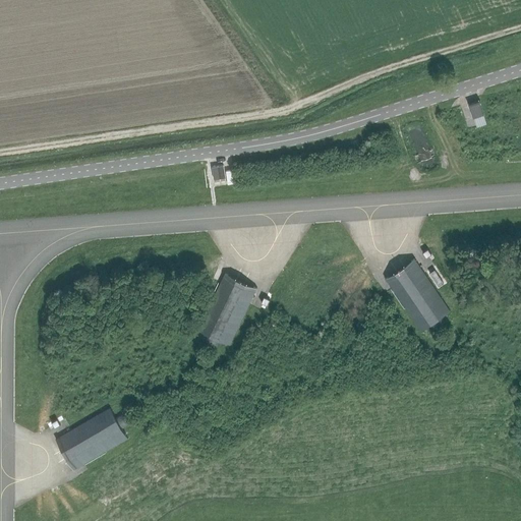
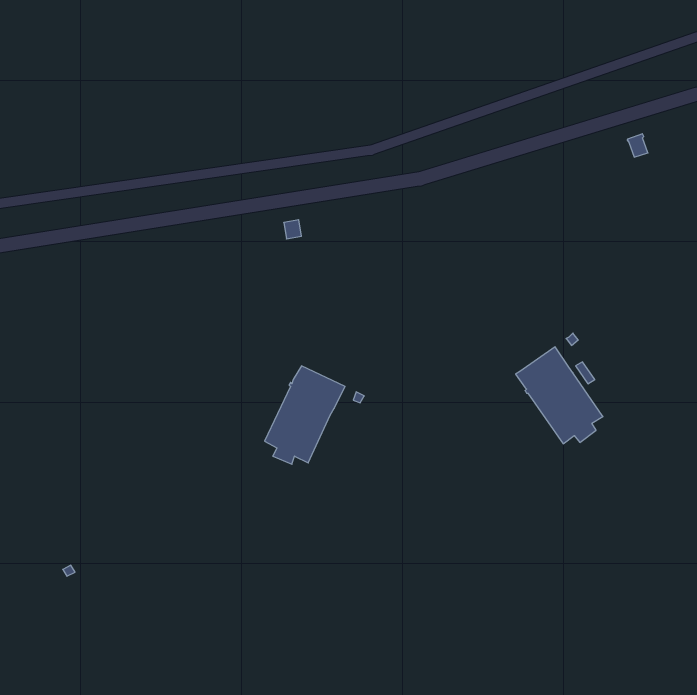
building: [55,409,129,472] -> none

